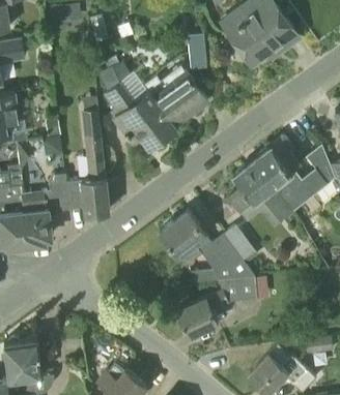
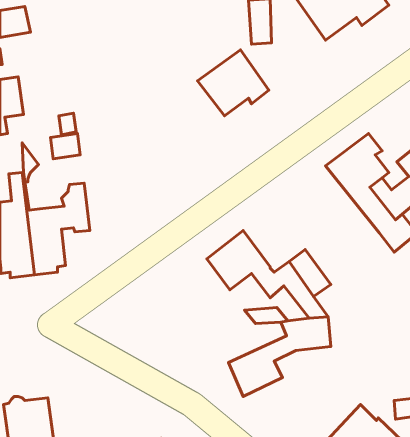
building: [98,63,175,148] -> none
building: [66,109,108,216] -> none
building: [228,161,292,222] -> none

